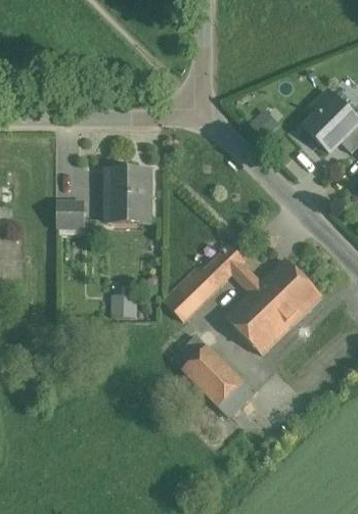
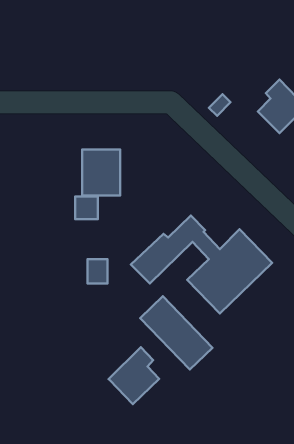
building: [58,201,84,227] -> [75,197,98,219]
building: none -> [109,347,159,404]

